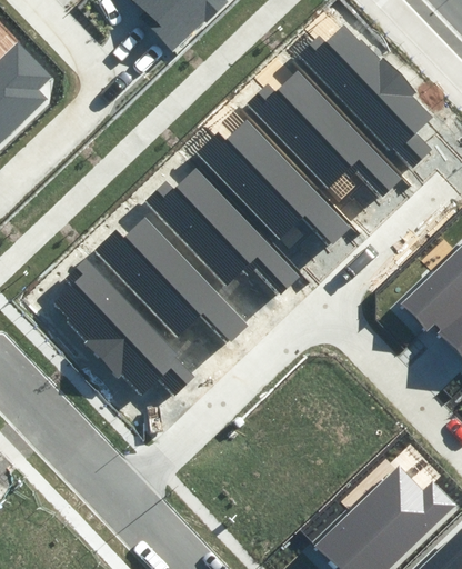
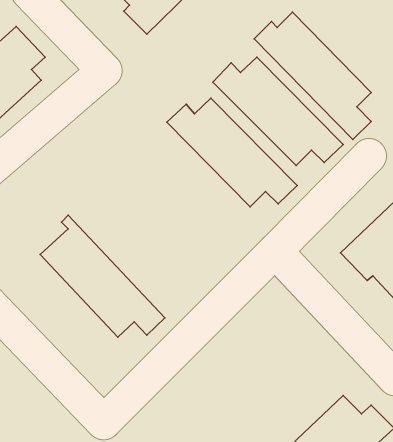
building: [147,168,298,293] -> none
building: [96,220,247,346] -> none

